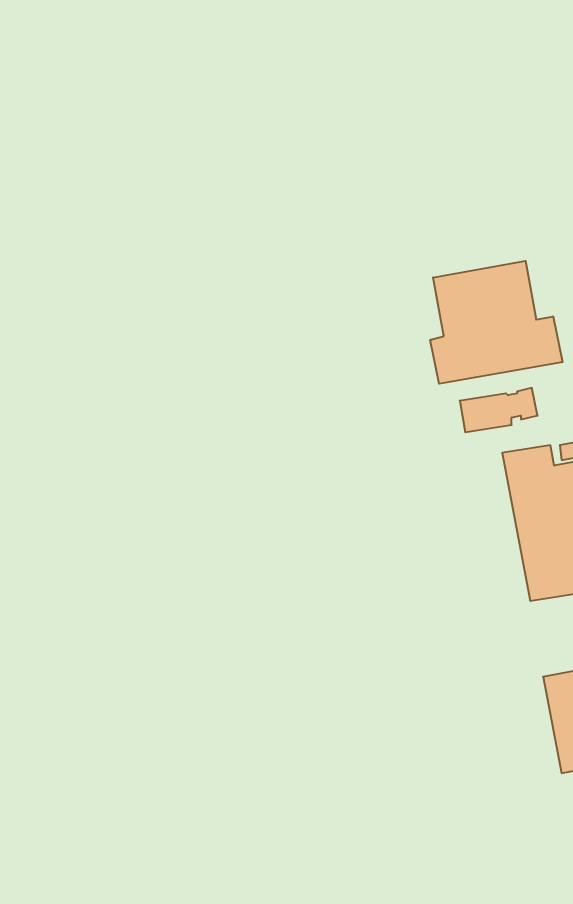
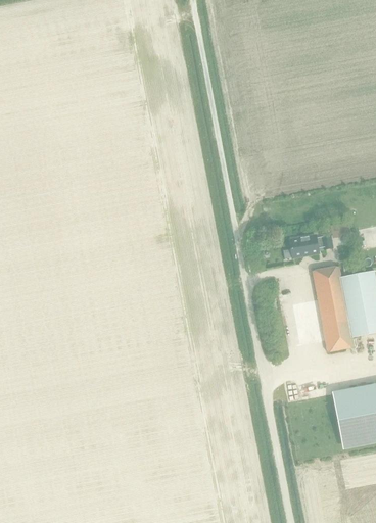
building: [430,261,562,384] -> none

